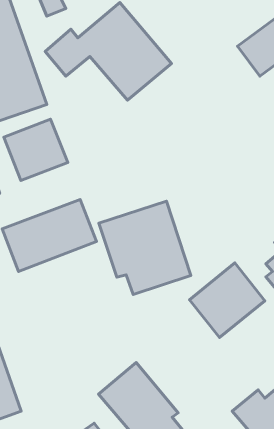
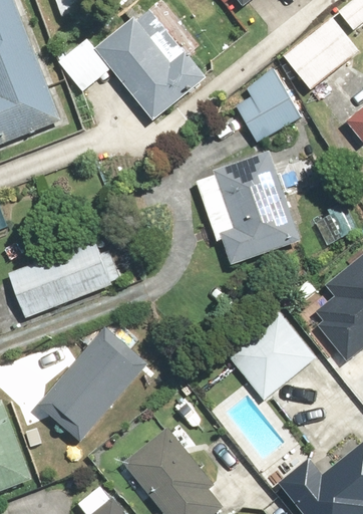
building: none -> [236,71,300,142]
building: [4,119,68,180] -> none
building: [99,201,191,294] -> [194,153,301,262]
building: none -> [35,322,146,437]

